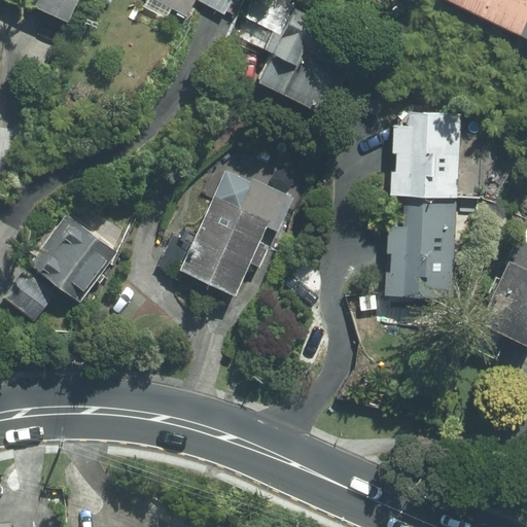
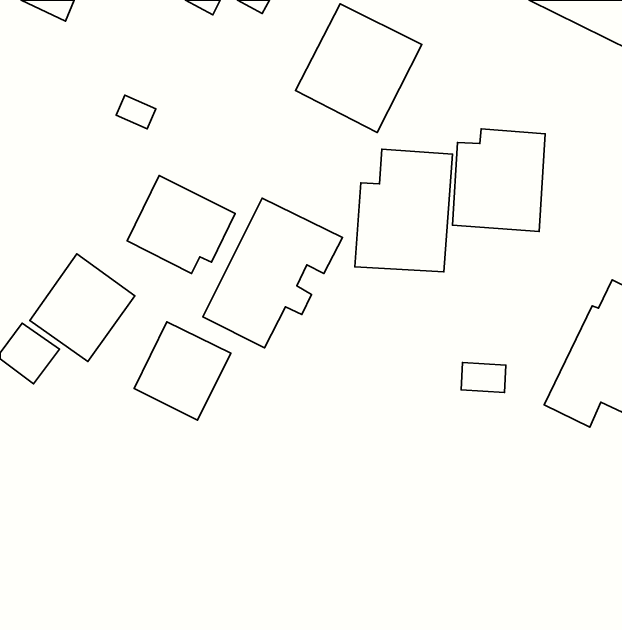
building: none -> [127,175,235,273]
building: [380,195,461,296] -> [355,149,452,272]
building: none -> [134,322,231,420]

